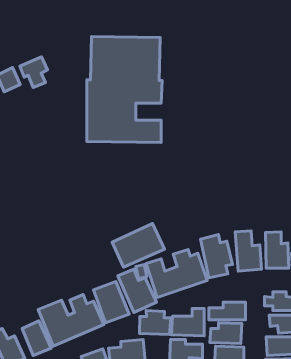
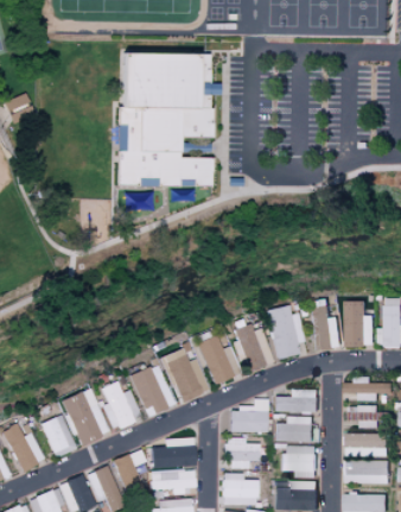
building: [20,57,47,87] -> none
building: [112,224,165,267] -> none
building: [140,311,171,334] -> none

